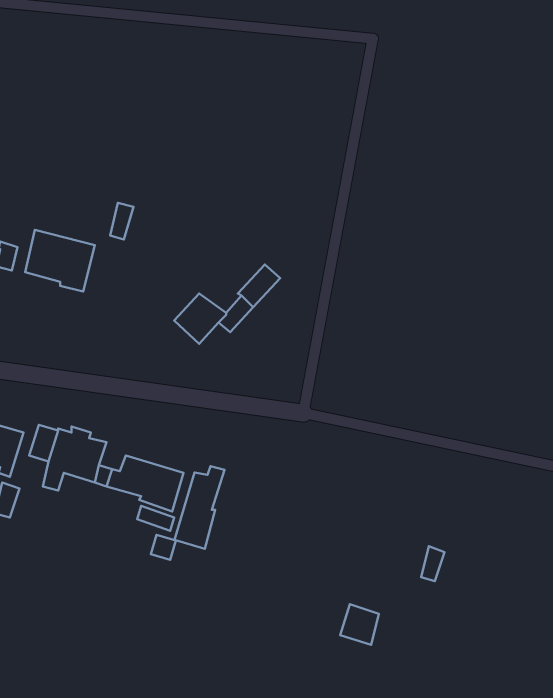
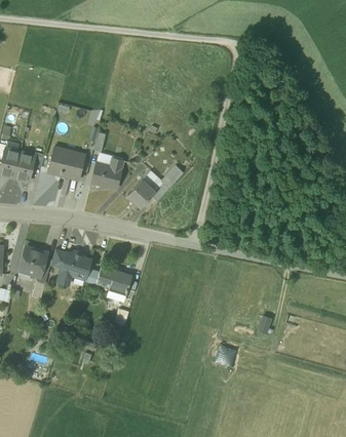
building: none -> [91,157,123,188]
building: [174,466,224,549] -> none

